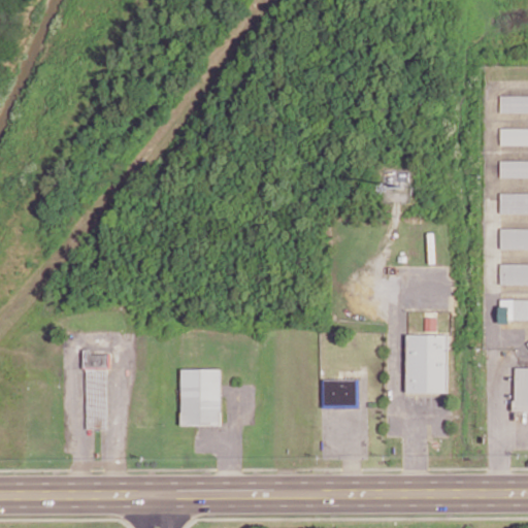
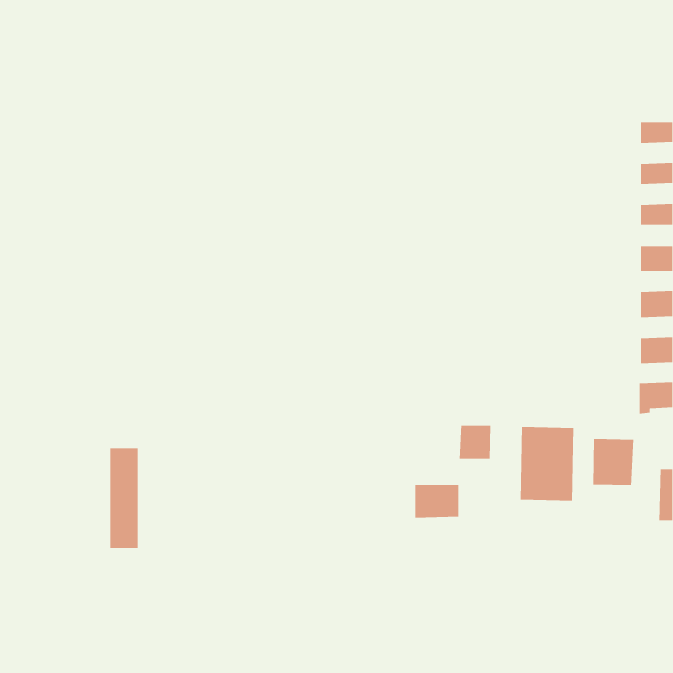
building: none -> [459,425,491,460]
building: none -> [592,438,634,486]
building: [182,369,221,426] -> none

